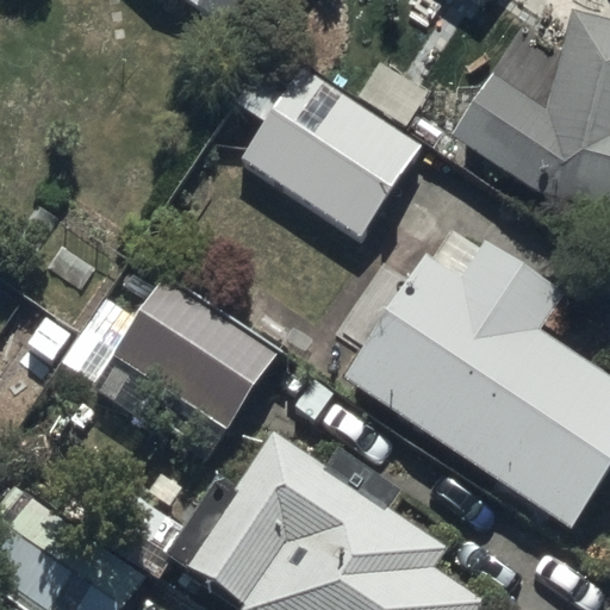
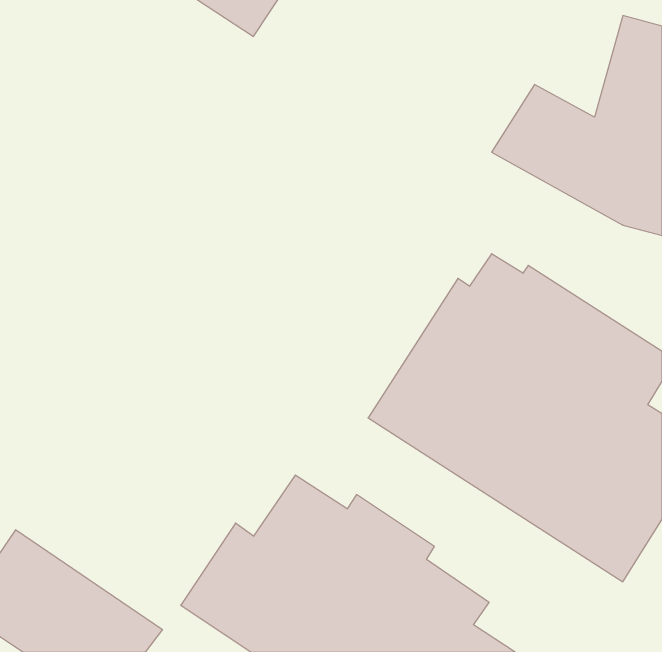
building: [239,51,434,239] -> none
building: [112,275,281,436] -> none

